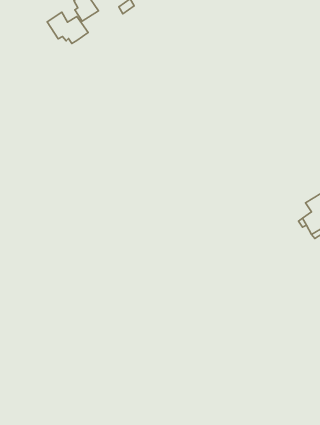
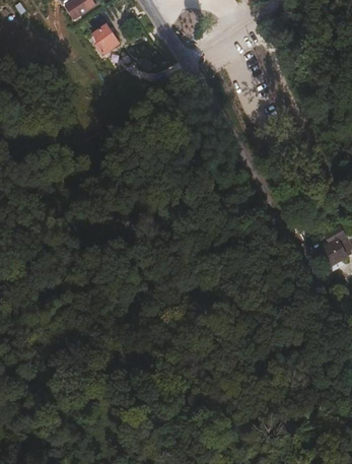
building: [47,12,88,44] -> none

